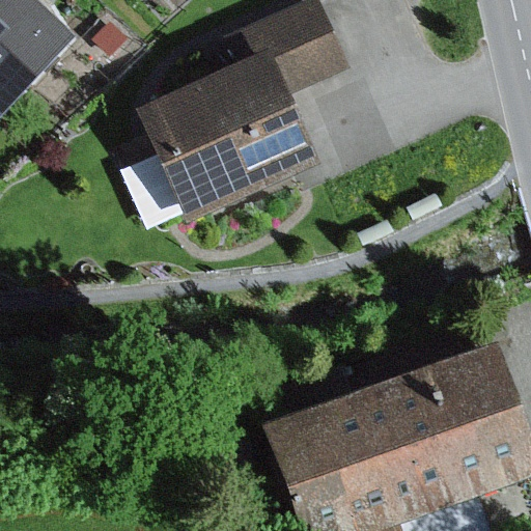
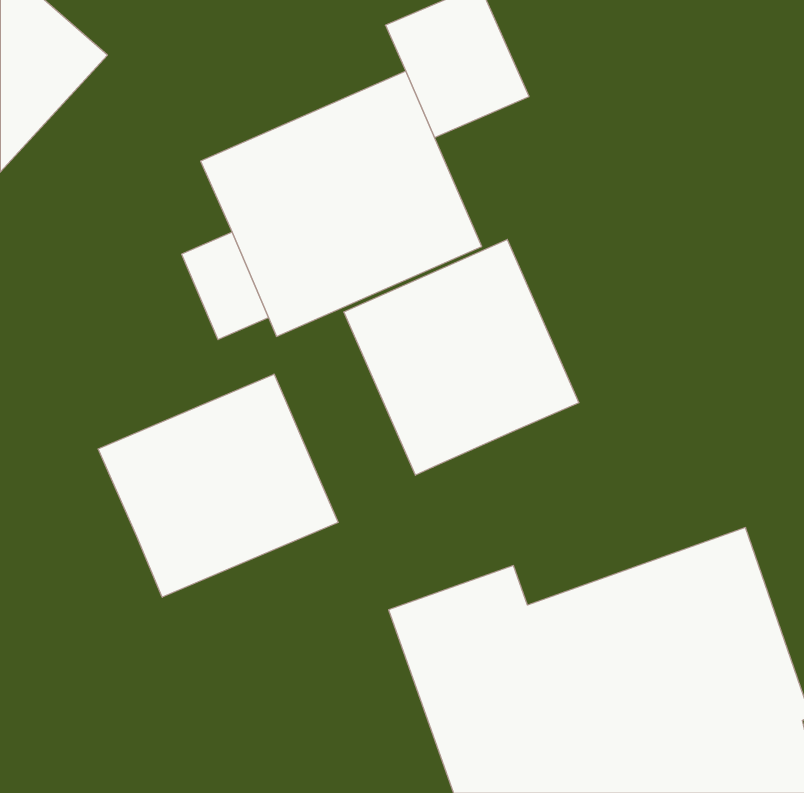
building: none -> [344,239,579,475]
building: none -> [98,374,338,597]

